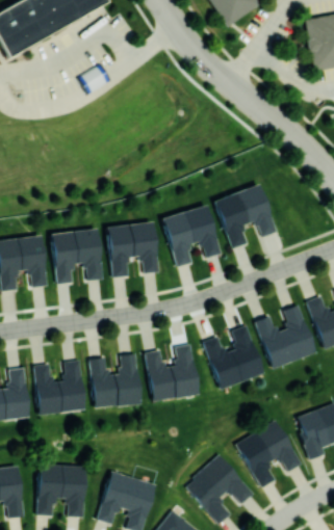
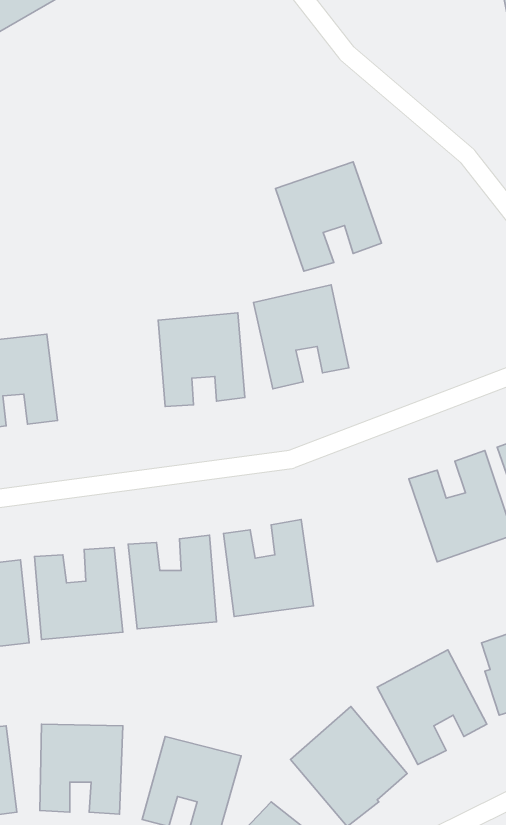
building: [214,183,277,247] -> [276,162,381,271]
building: [51,228,103,284] -> none
building: [204,324,264,388] -> none

